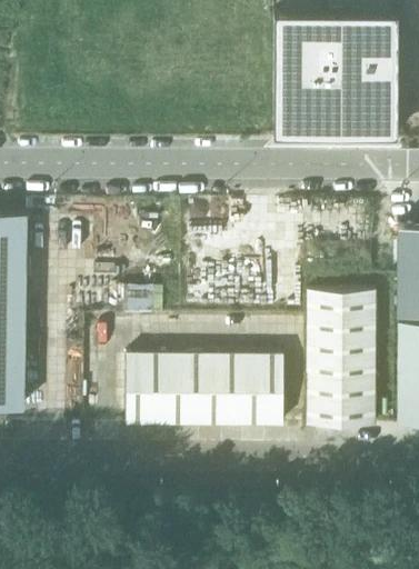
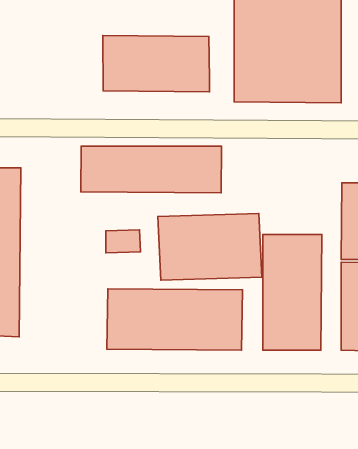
building: none -> [103,36,209,92]
building: none -> [81,146,221,193]
building: none -> [158,214,262,280]

